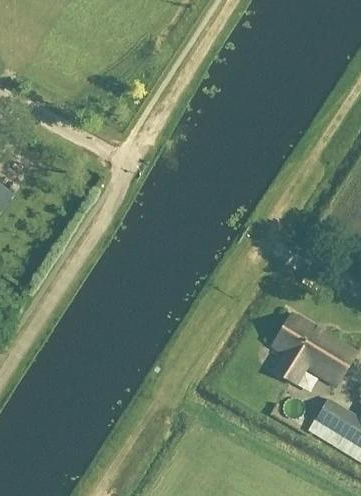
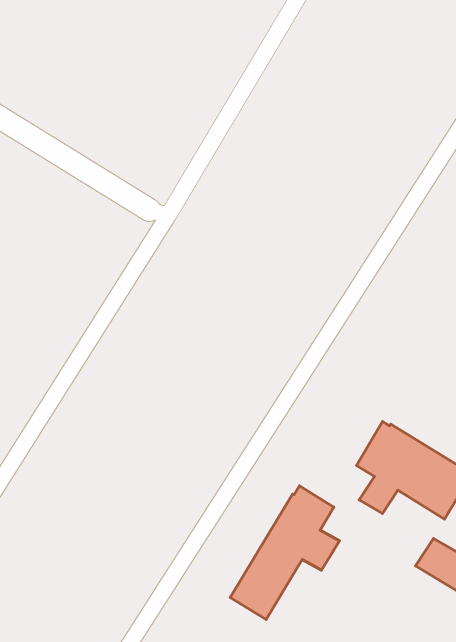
building: none -> [230,486,340,619]

